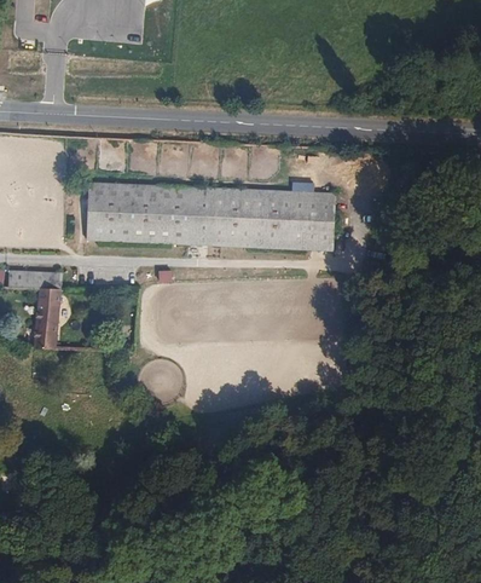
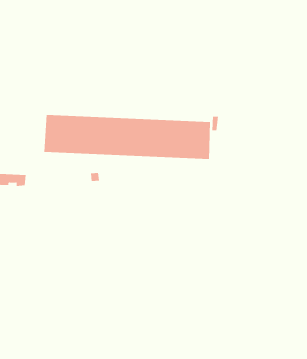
building: [34,288,60,348] -> none

